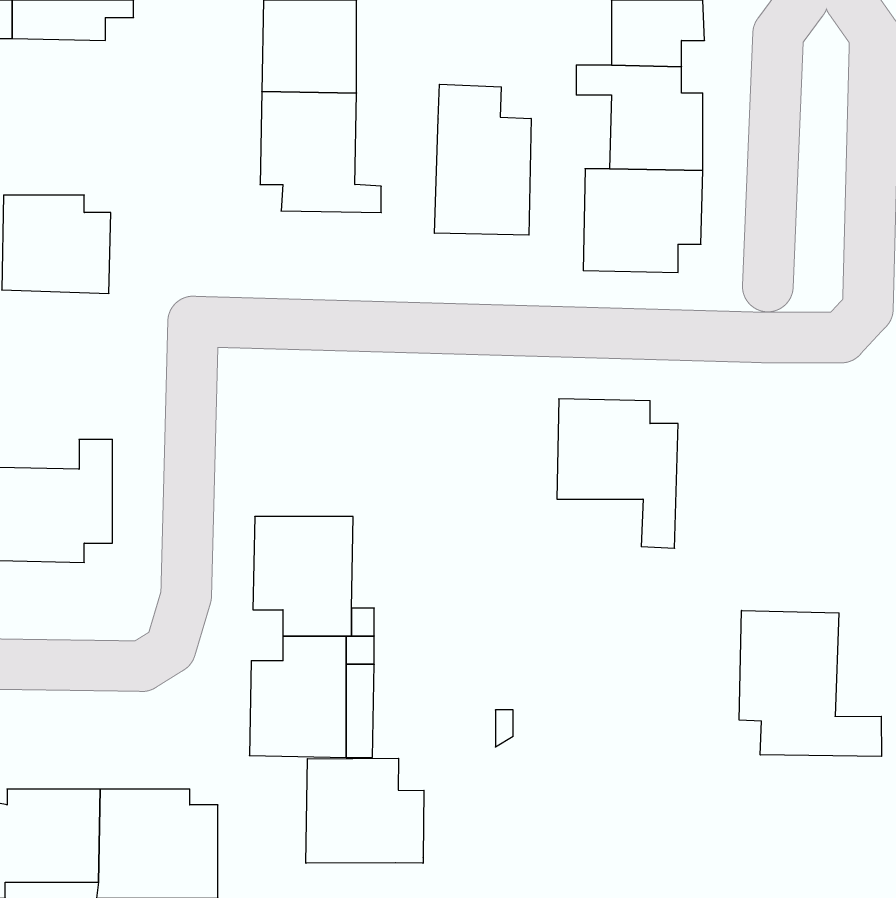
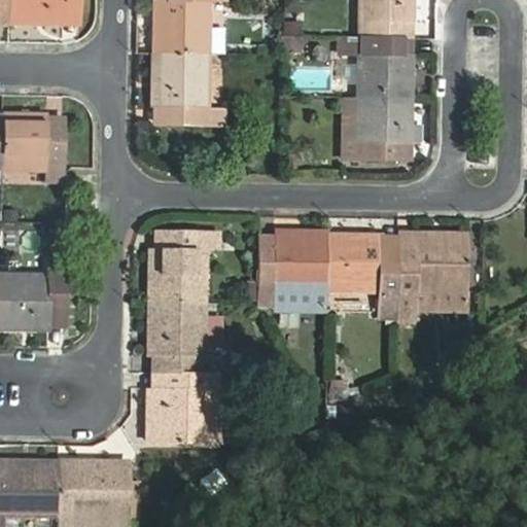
building: [434,84,531,235] -> none
building: none -> [149,233,221,303]
building: none -> [256,233,327,312]
building: none -> [395,235,468,324]
building: [739,610,881,756] -> none
building: [306,758,424,863] -> none

